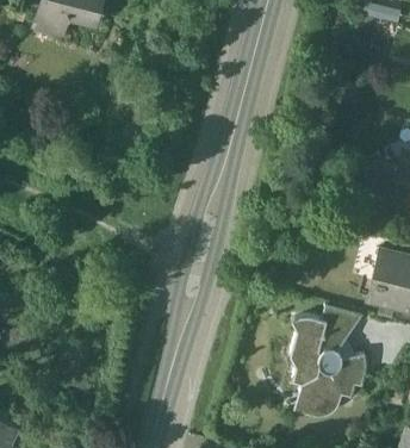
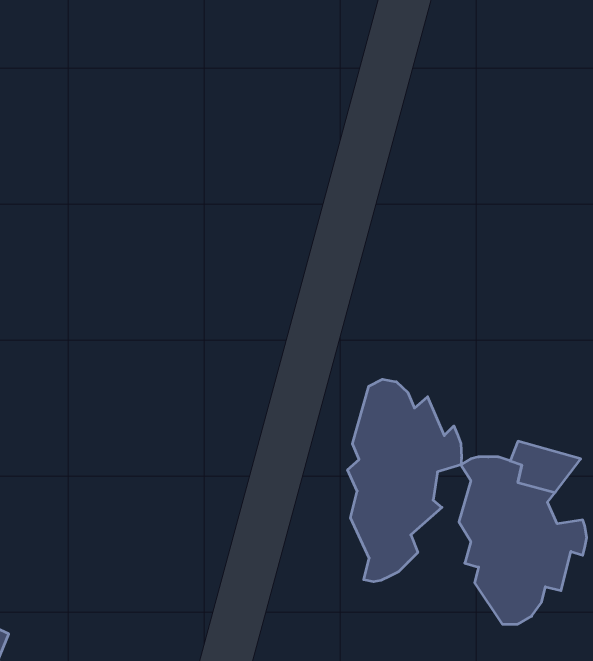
building: none -> [348,379,461,582]

